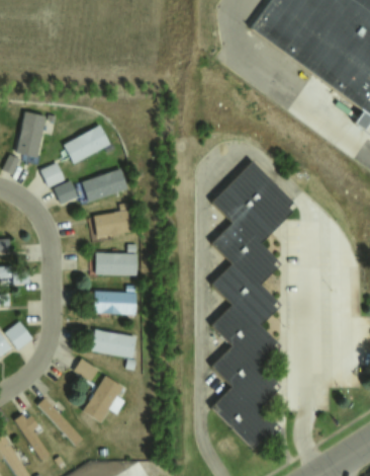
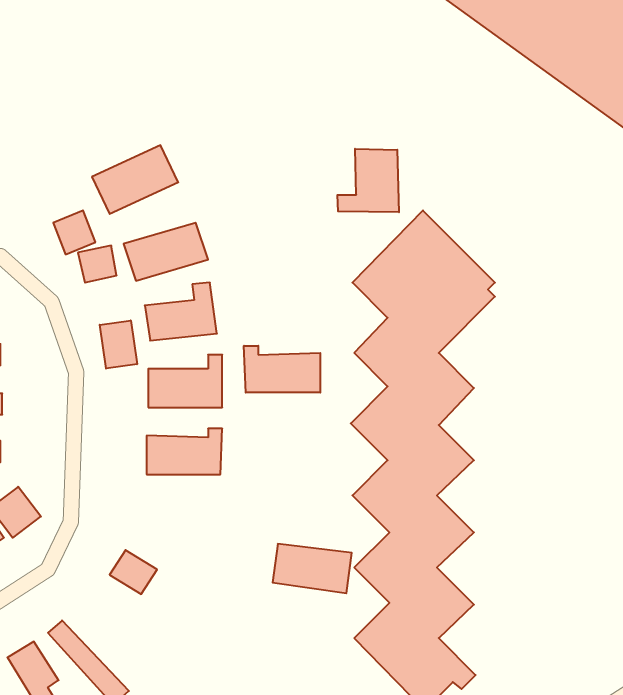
building: [15,111,45,158] -> none
building: none -> [337,149,399,212]
building: none -> [100,320,137,369]
building: none -> [244,346,320,393]
building: [90,330,135,359] -> [273,544,352,593]
building: [83,375,124,421] -> none

